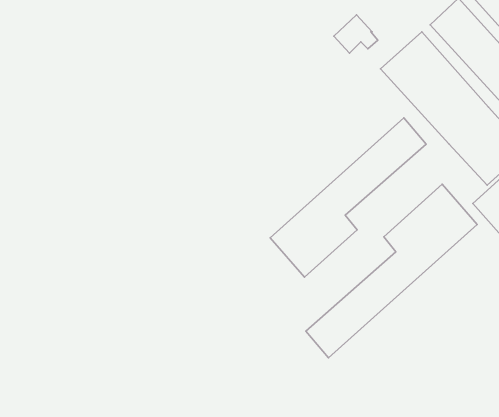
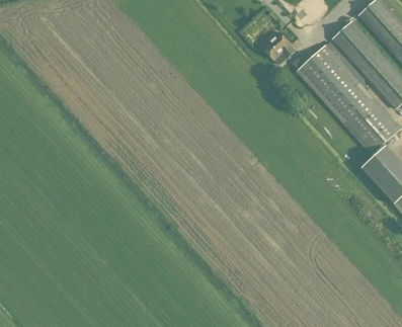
building: [270,118,426,277] -> none
building: [306,184,477,358] -> none

